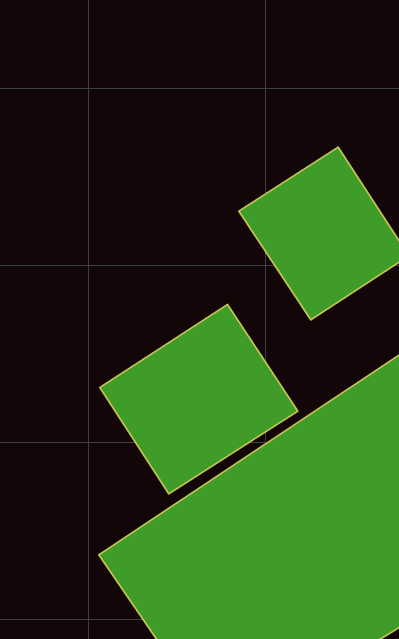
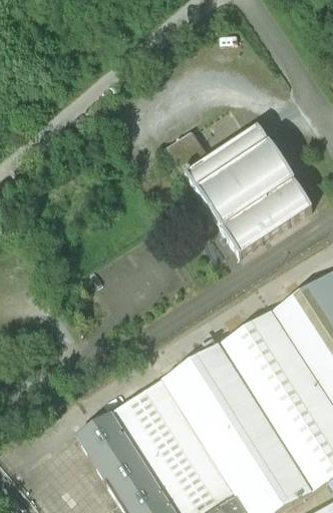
building: [100,304,298,494] -> none

